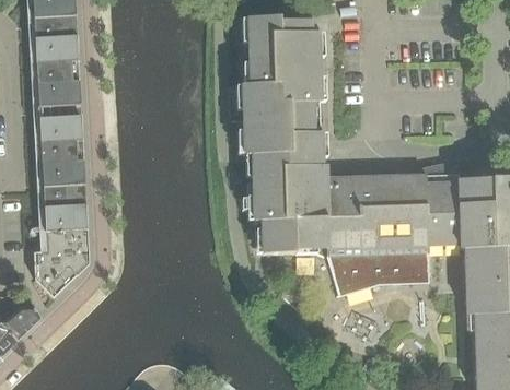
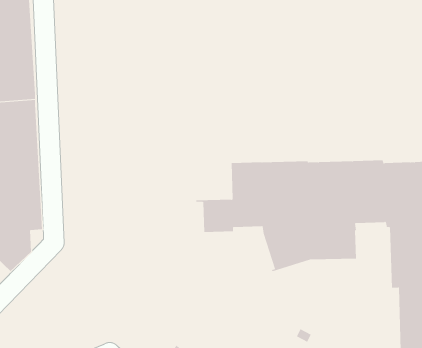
building: [243,19,327,221] -> none

